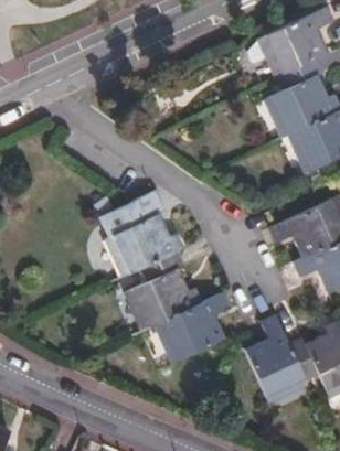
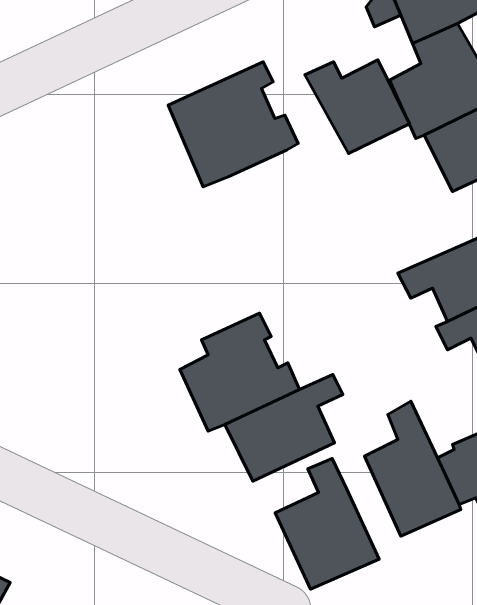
building: none -> [305,60,409,154]
building: [98,195,184,278] -> [168,62,298,187]
building: none -> [275,458,379,589]

